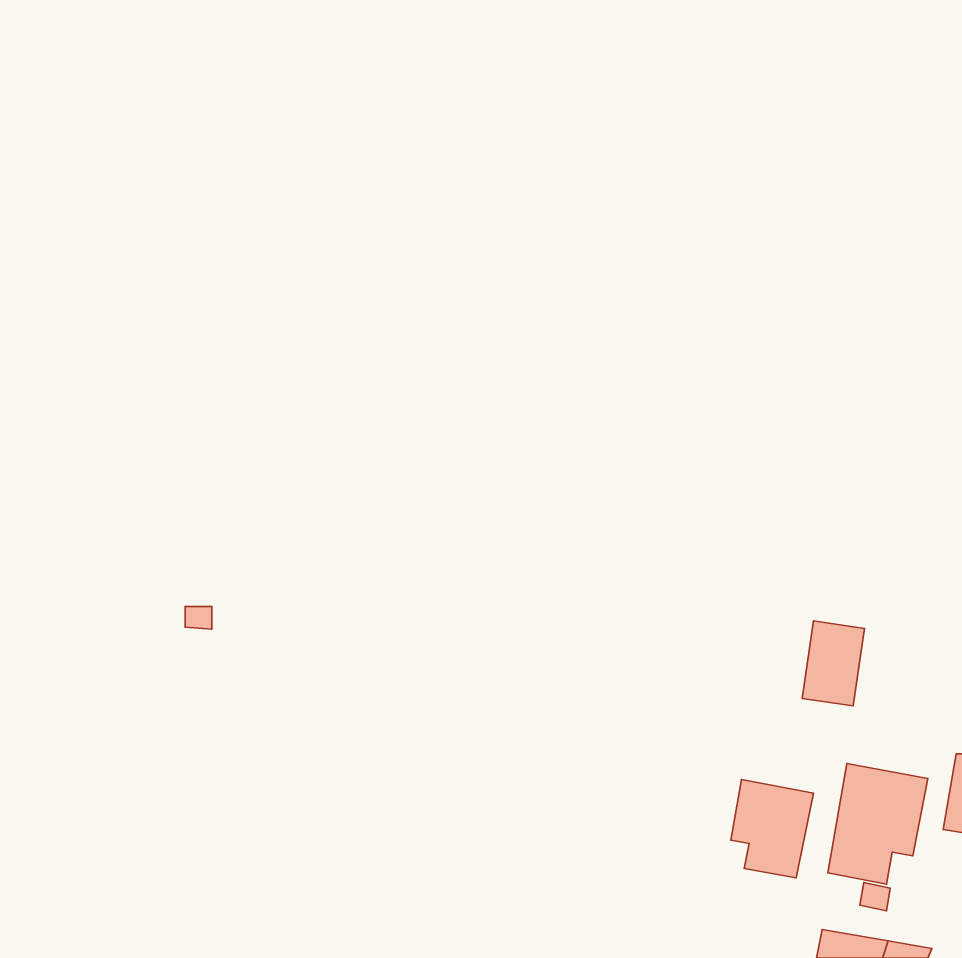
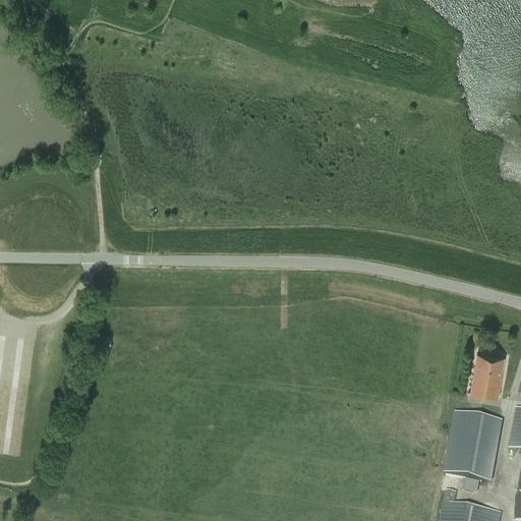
building: [802,621,864,706] -> [472,349,506,395]
building: [731,780,813,878] -> none

